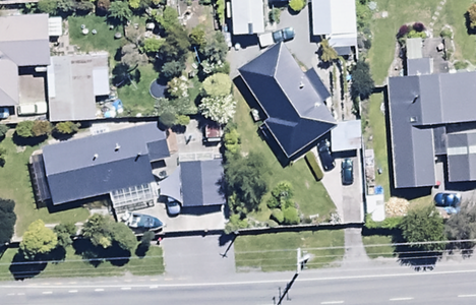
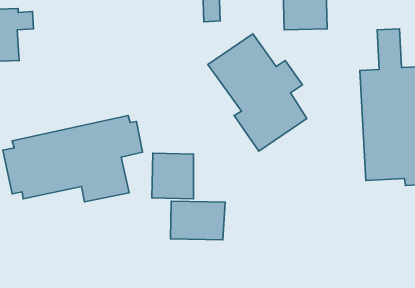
building: [48,53,111,121] -> none
building: none -> [170,201,225,240]

